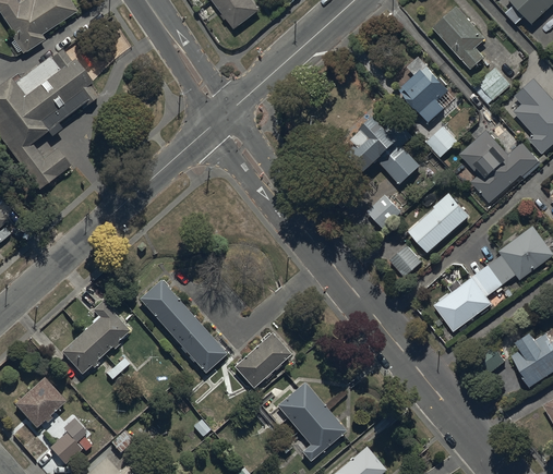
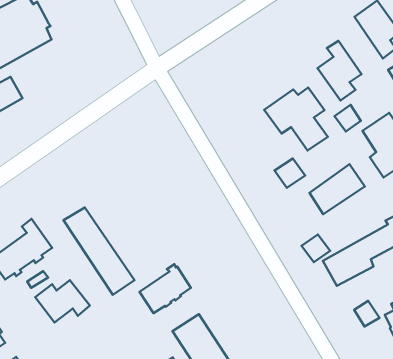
building: [389,244,422,276] -> [302,235,330,262]
building: none -> [35,280,90,322]

